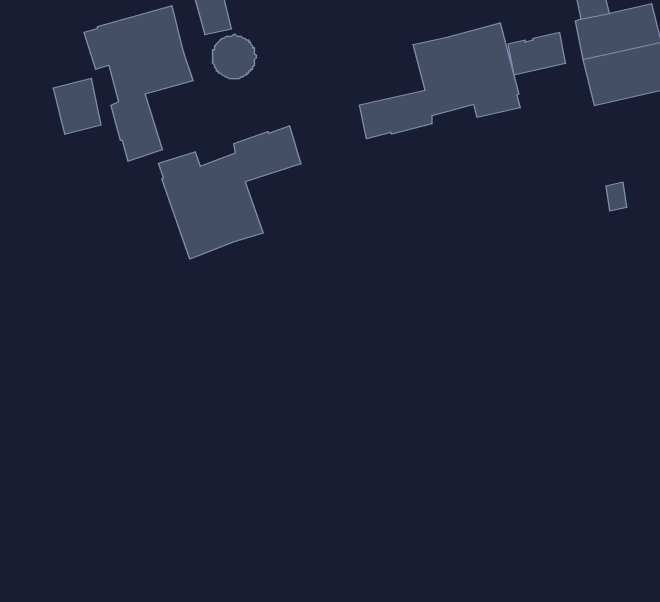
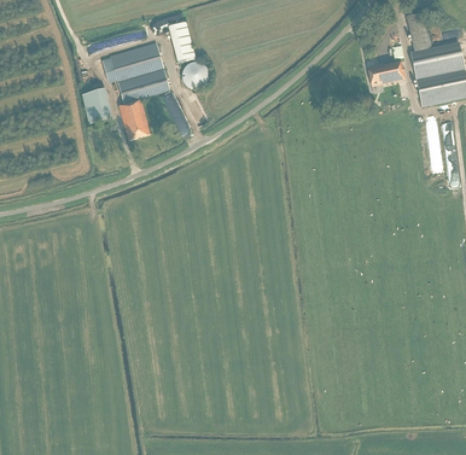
building: [360,23,520,139] -> none
building: [159,126,301,259] -> none

